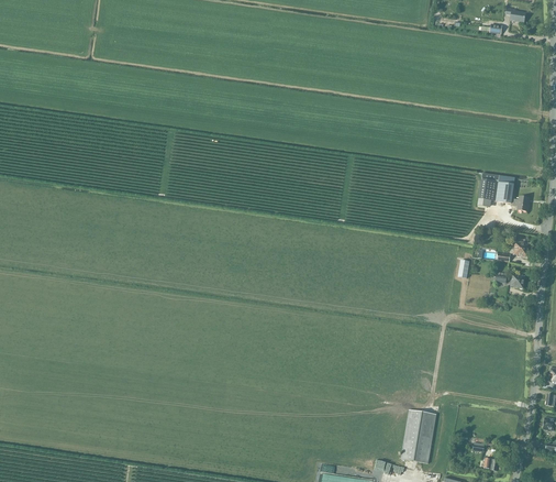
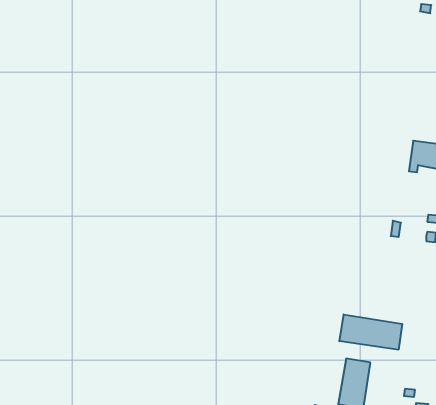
building: none -> [339,314,402,350]

